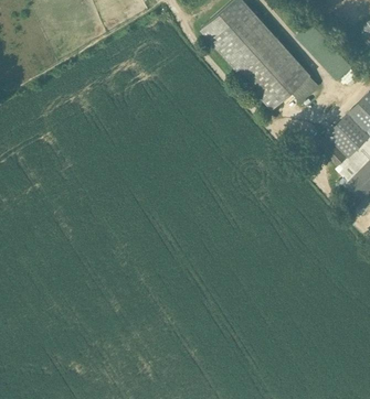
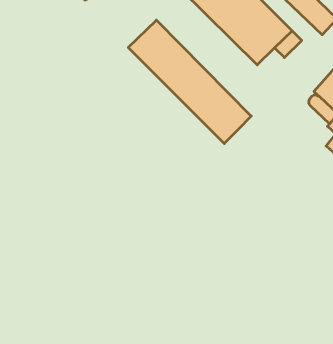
building: none -> [128,20,251,144]

